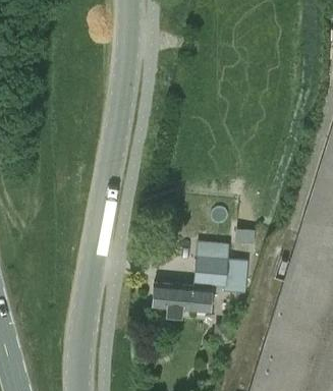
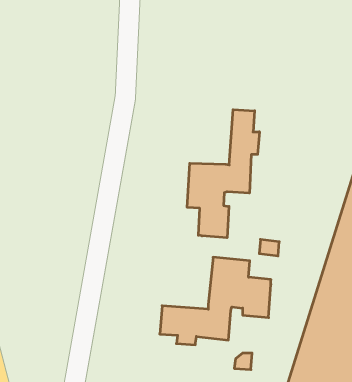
building: none -> [187,110,259,238]

